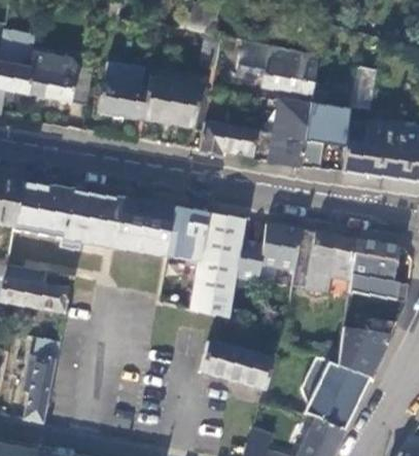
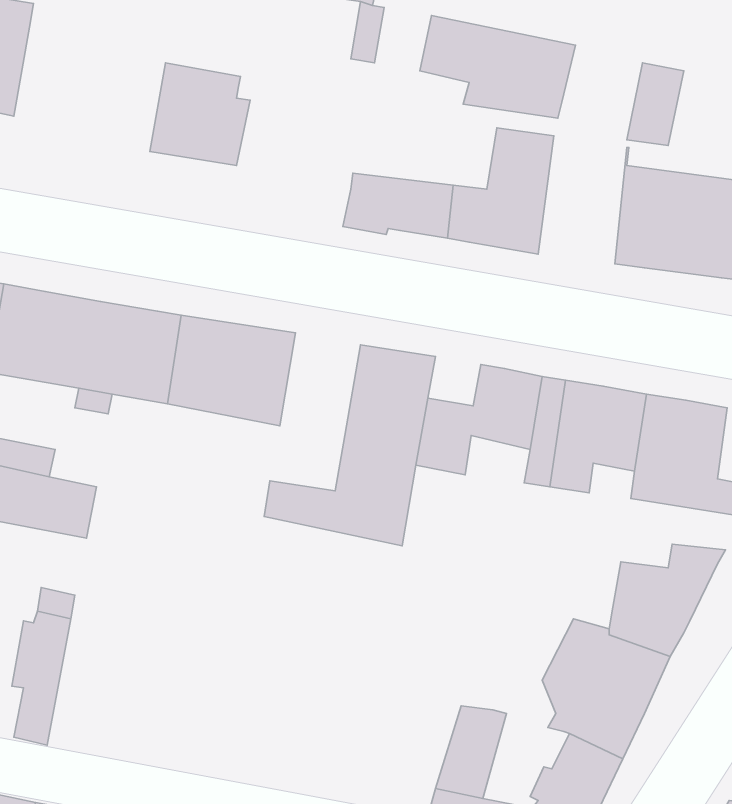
building: [26,47,93,105] -> none
building: [142,78,210,132] -> none
building: [300,86,346,171] -> none
building: [165,207,207,260] -> none
building: [200,341,272,387] -> none

